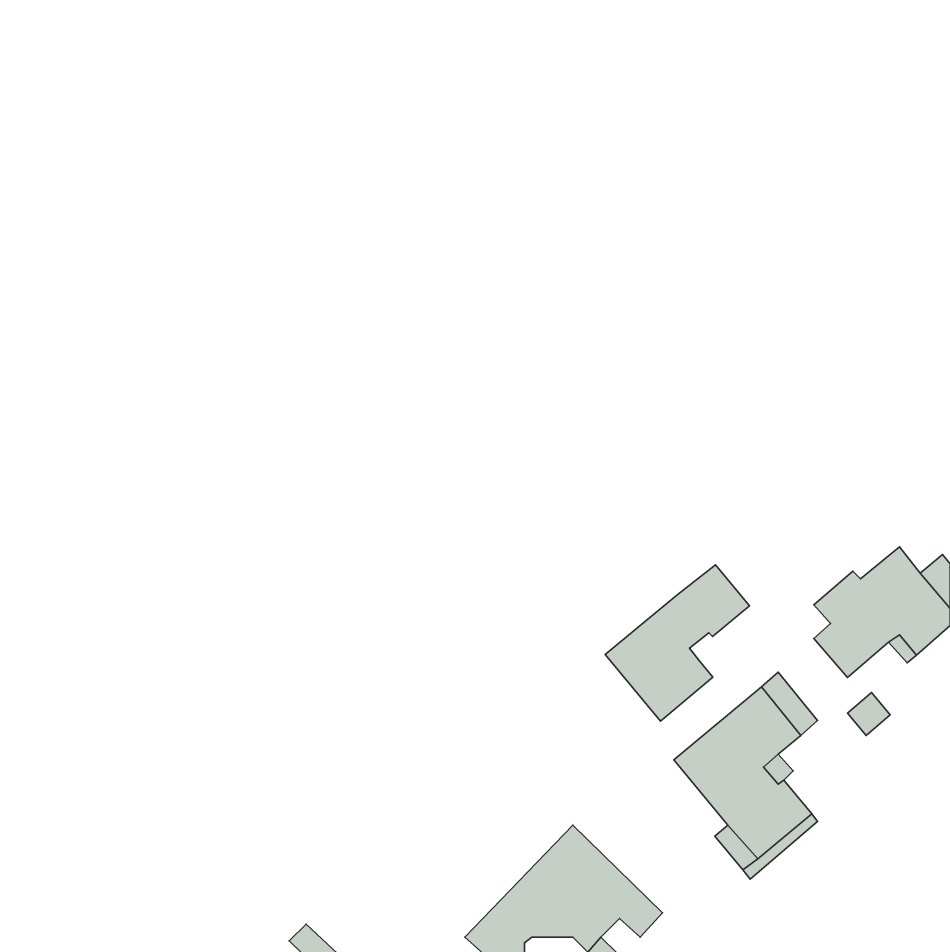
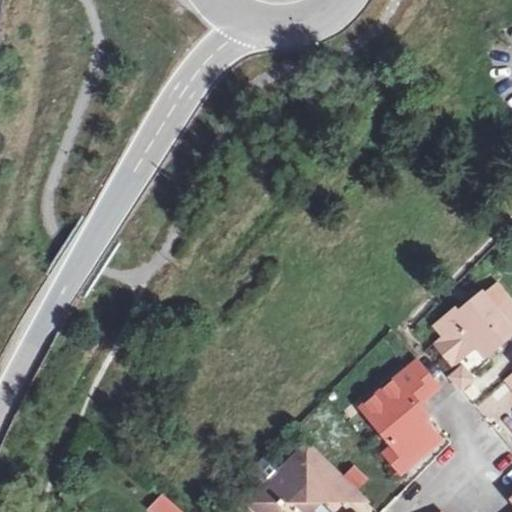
building: [605,565,750,721] -> none

